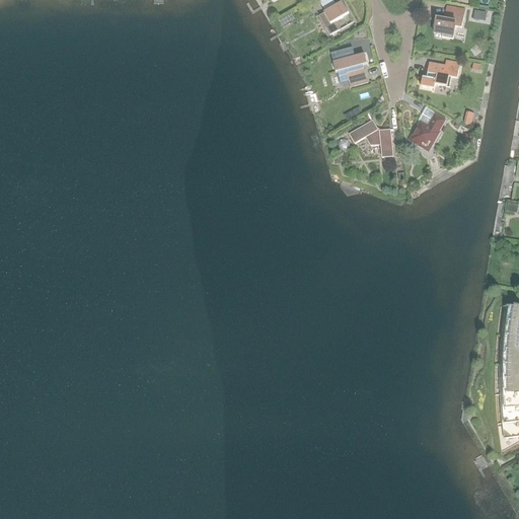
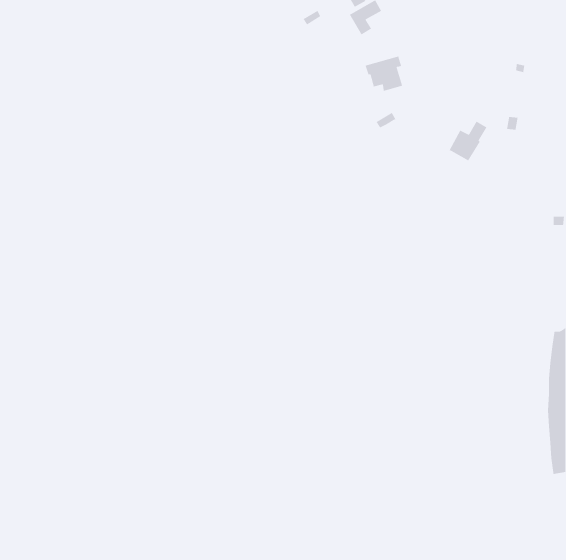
building: [434,10,464,36] -> none
building: [422,60,458,86] -> none
building: [351,118,393,154] -> none

